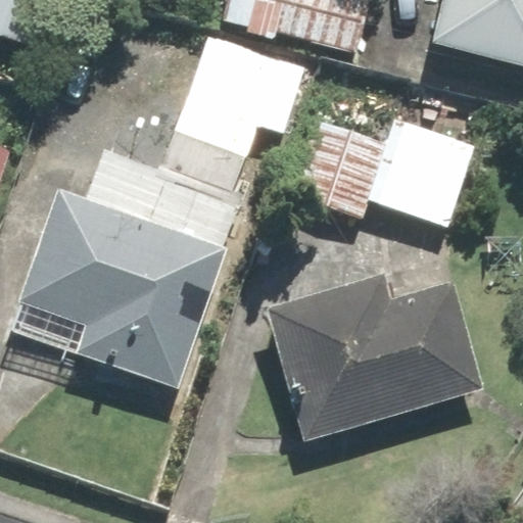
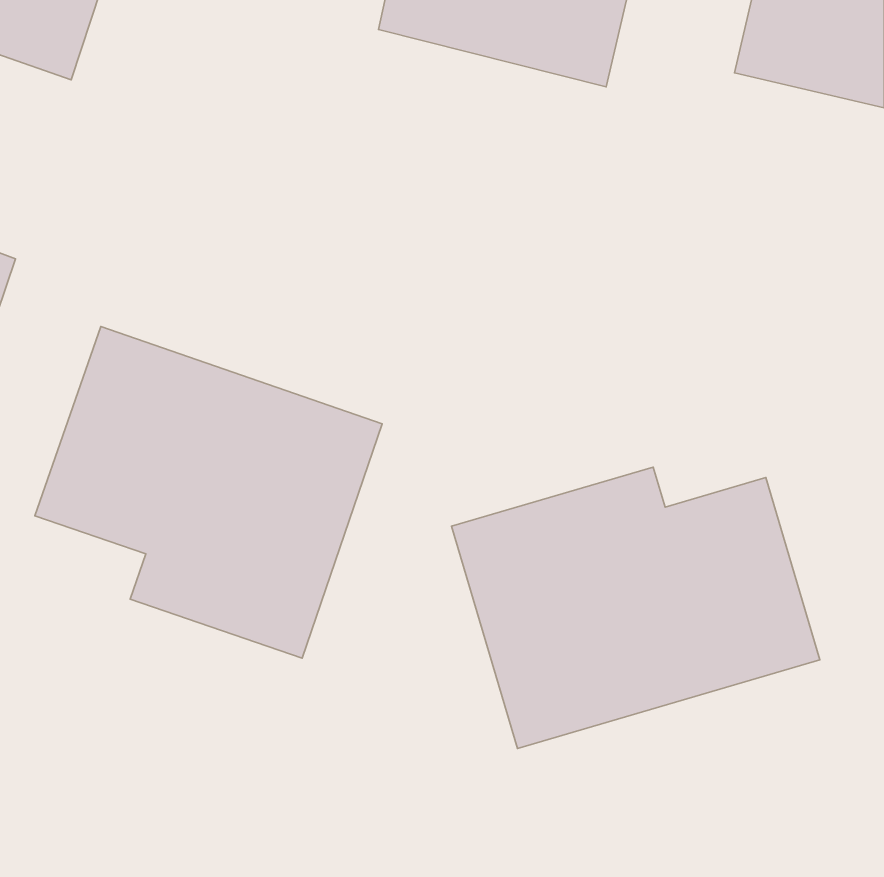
building: [163,36,304,189] -> none
building: [289,117,473,225] -> none

